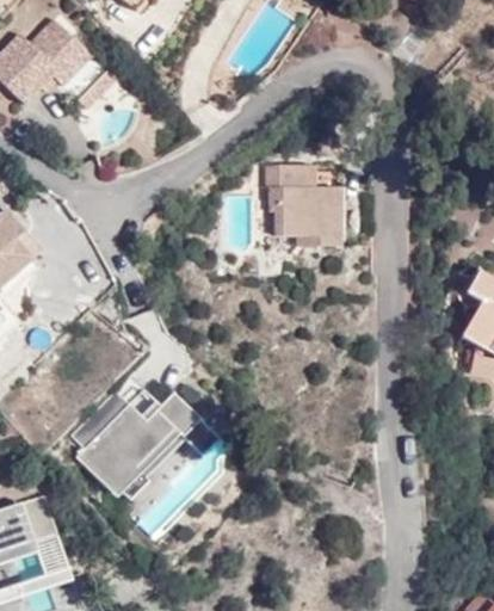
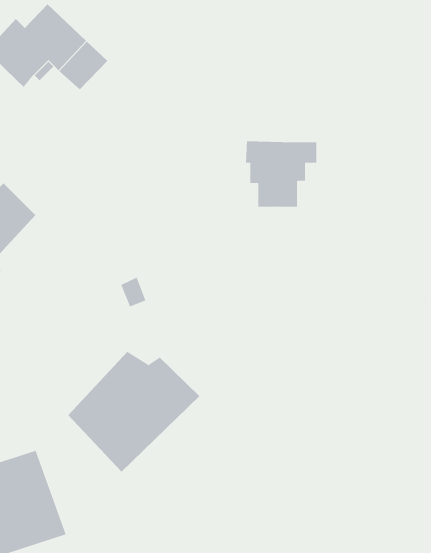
building: [291,186,338,246] -> none

